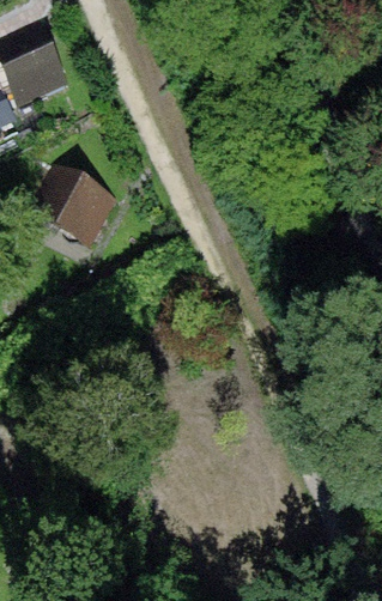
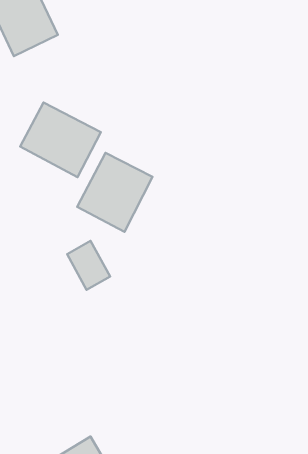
building: none -> [77,153,153,232]

